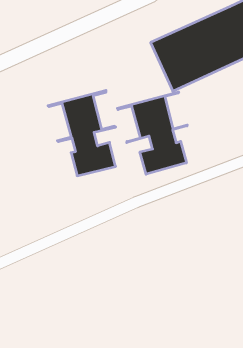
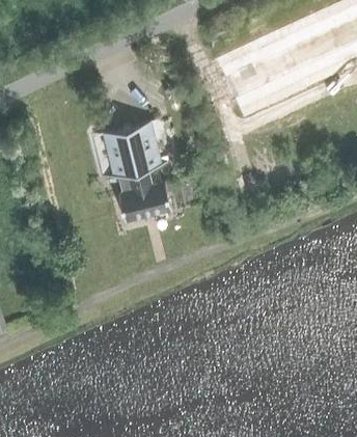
building: [117,92,187,174] -> none

